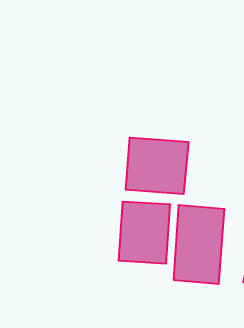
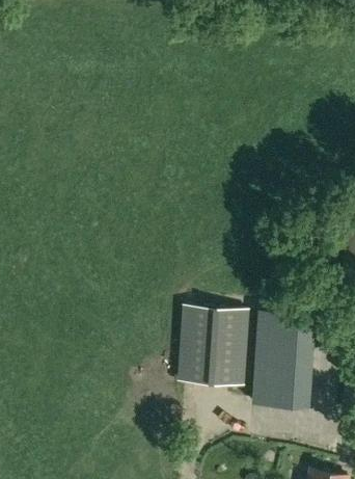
building: [126,137,188,194] -> none

